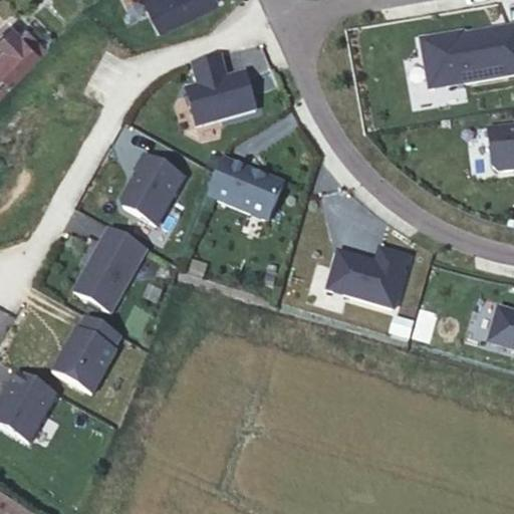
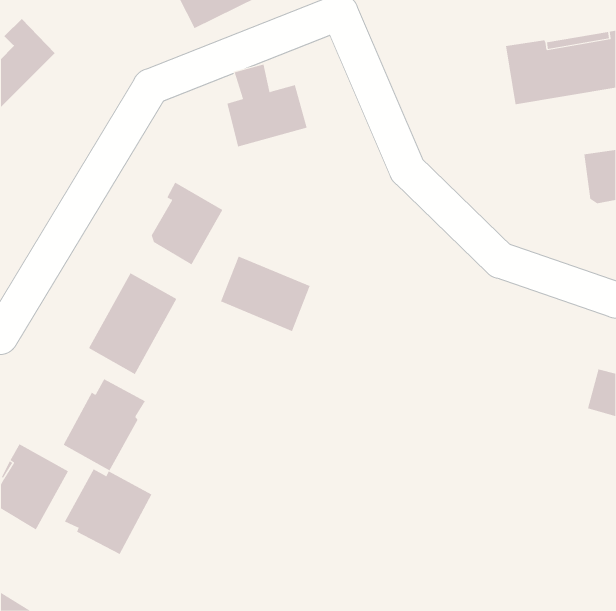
building: [208,157,283,220] -> [220,256,311,332]
building: [326,247,409,307] -> none
building: none -> [64,468,152,555]

